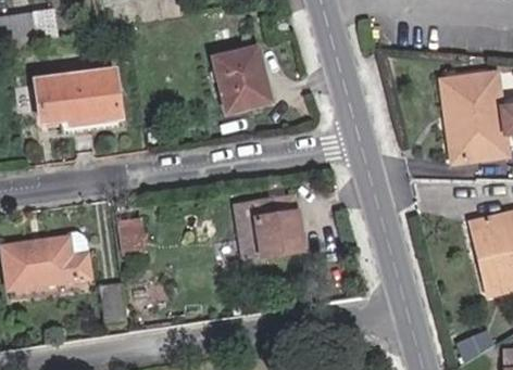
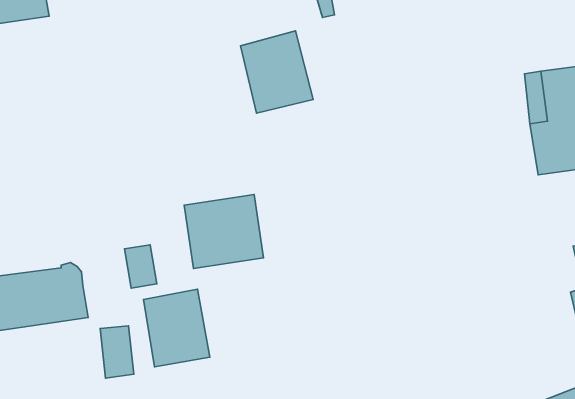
building: [36,69,122,125] -> none
building: [238,196,302,256] -> [184,195,264,269]
building: none -> [143,289,210,367]

